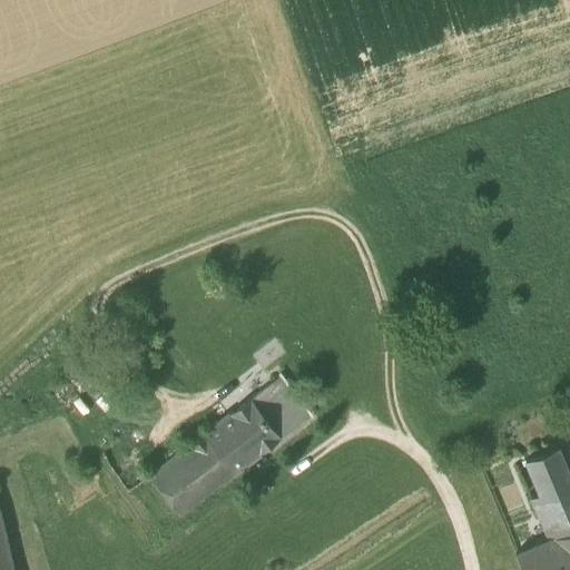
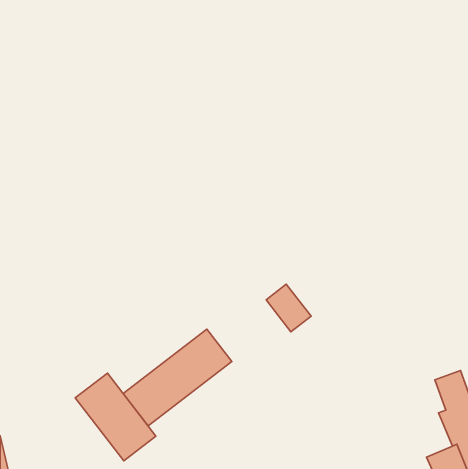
building: [253,381,307,439] -> [266,284,311,332]
building: none -> [75,373,156,461]

